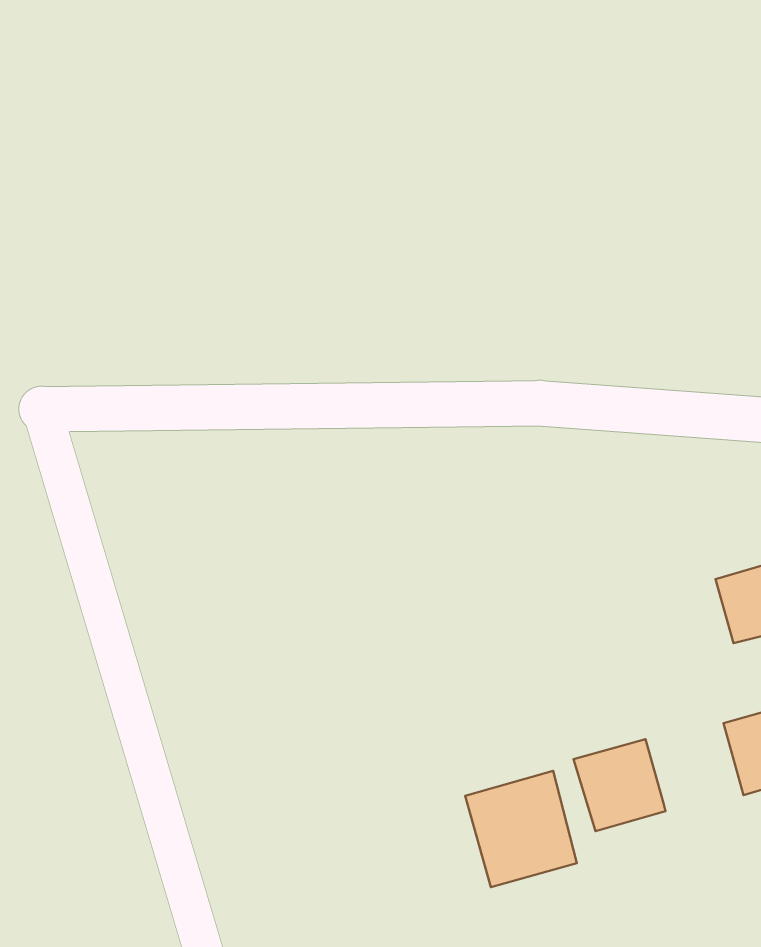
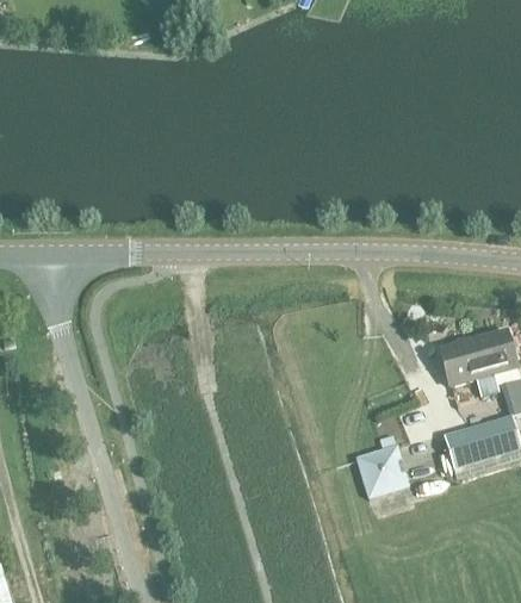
building: [465,771,577,887] -> none

